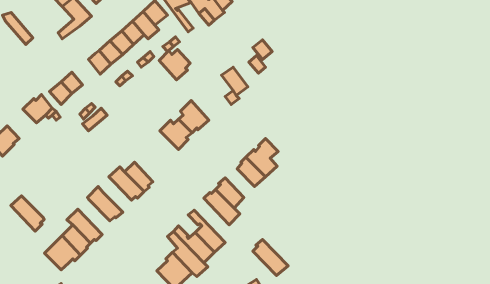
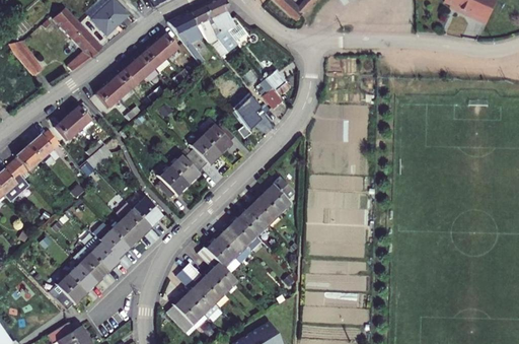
building: [159,50,190,80] -> [203,123,235,154]
building: none -> [12,143,43,174]
building: none -> [157,165,190,199]
building: none -> [238,205,269,234]
building: none -> [112,218,141,250]
building: [11,196,44,231] -> [85,236,120,273]
building: [253,239,288,276] -> [206,235,242,273]

